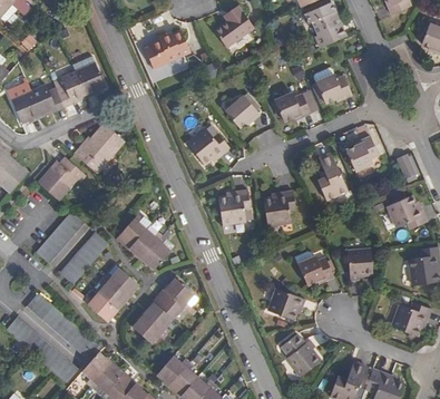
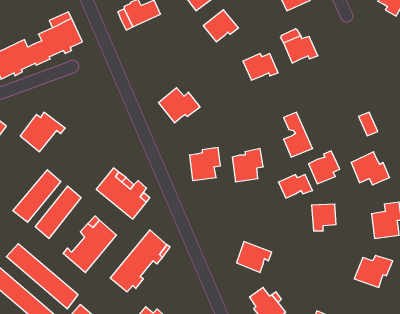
building: [224,96,261,129] -> [203,10,239,42]
building: [77,120,126,168] -> none
building: [346,137,379,172] -> [309,151,340,184]
building: [297,261,333,285] -> [278,175,313,198]

